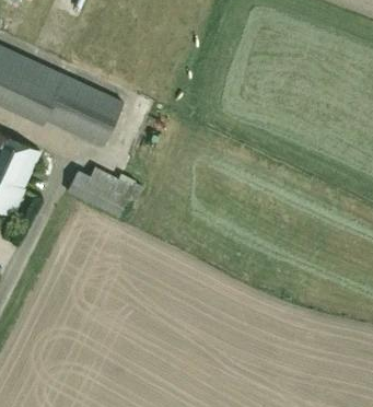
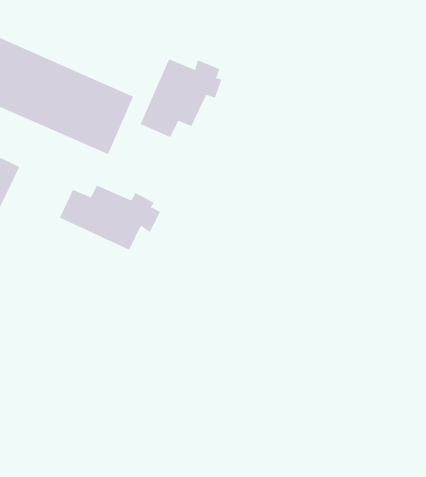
building: none -> [140,58,222,138]

